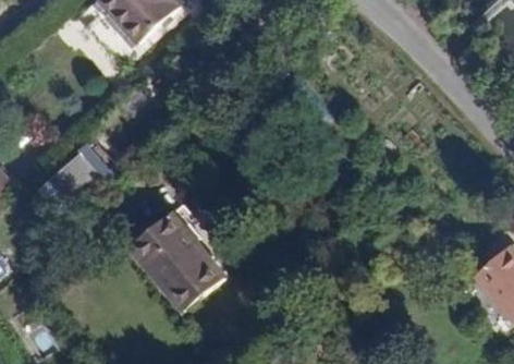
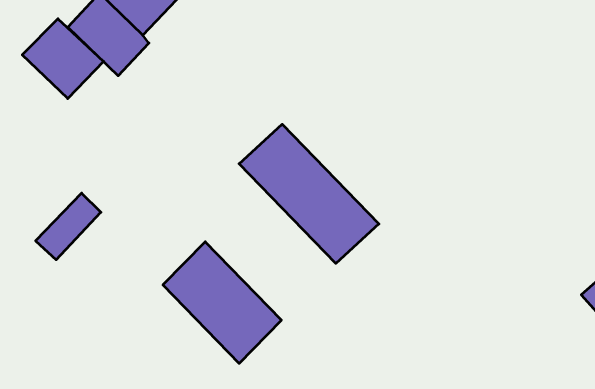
building: none -> [22,19,104,99]
building: none -> [239,124,379,263]

